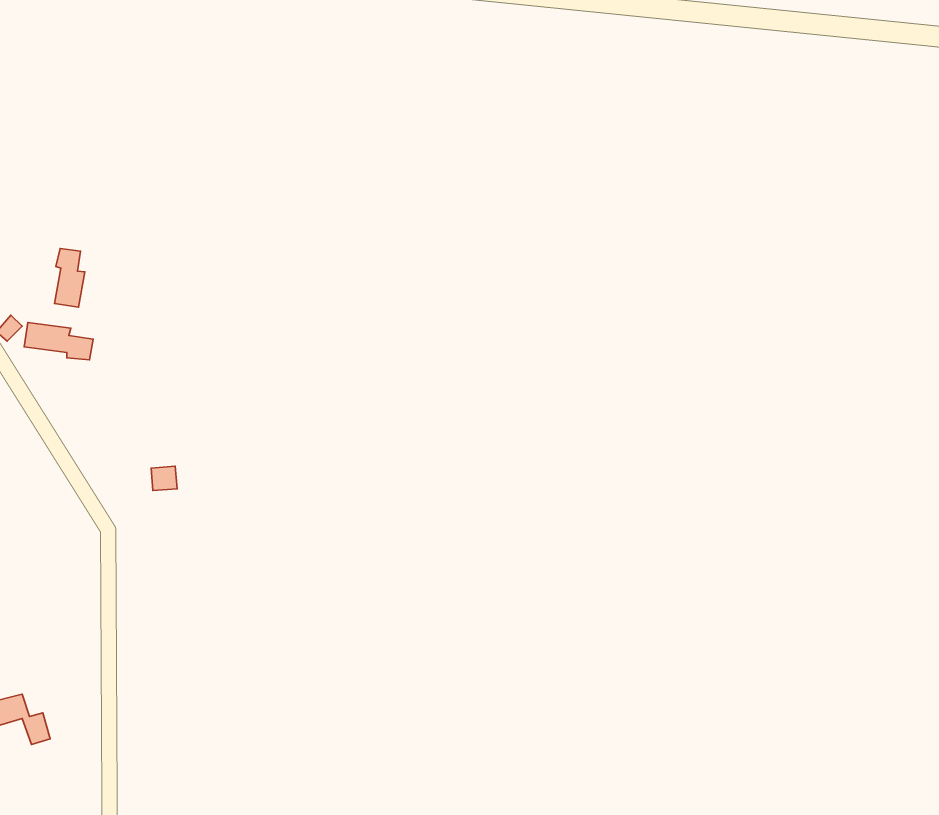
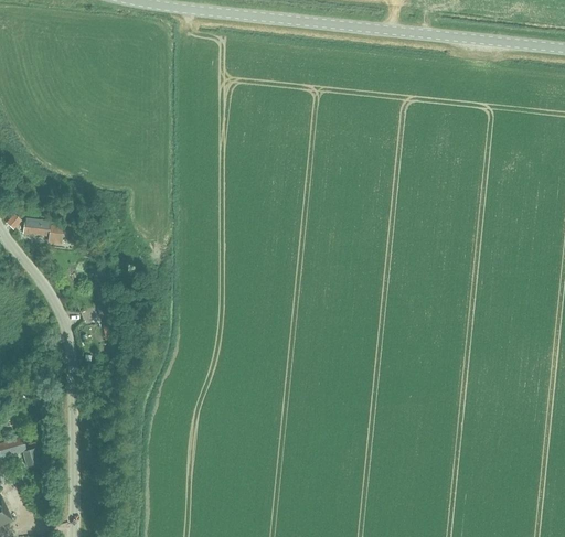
building: [55,248,85,307] -> none

